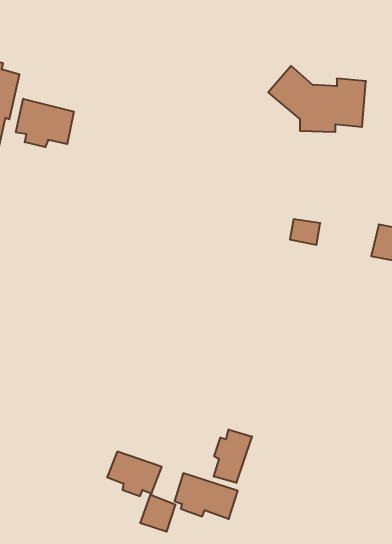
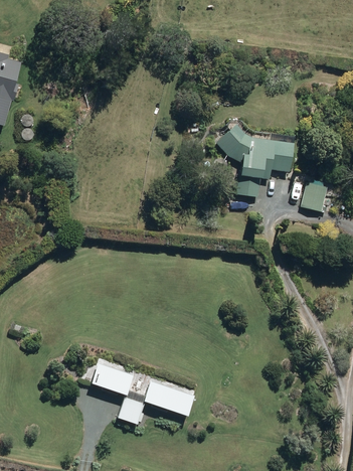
building: [268,66,366,132] -> [217,123,295,175]
building: [16,99,74,147] -> none
building: [214,429,252,483] -> none

